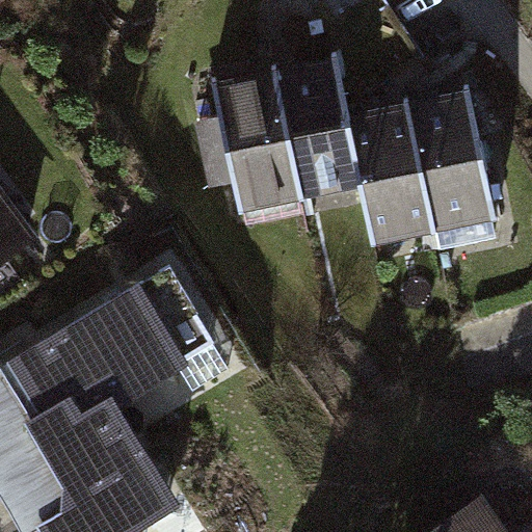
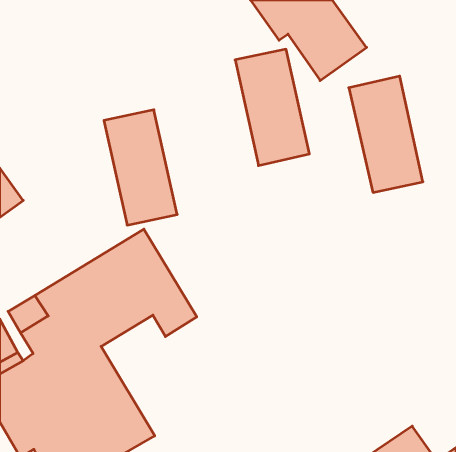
building: [215,77,300,211] -> [104,110,177,225]
building: [346,108,432,243] -> none

